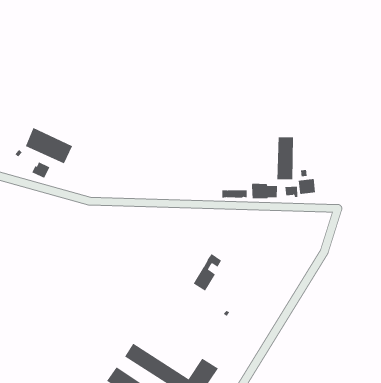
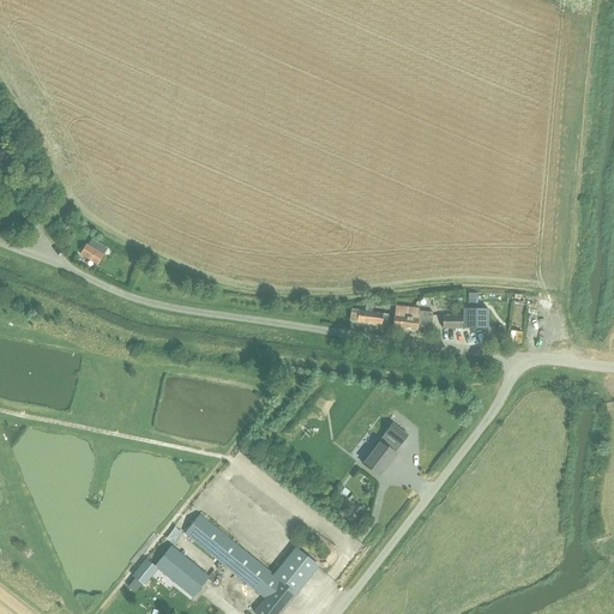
building: [25,127,73,164] -> none
building: [277,136,294,180] -> none
building: [193,253,222,291] -> [360,425,405,478]

